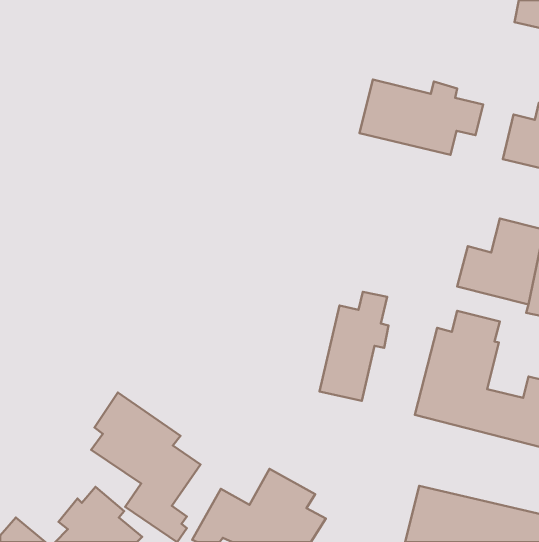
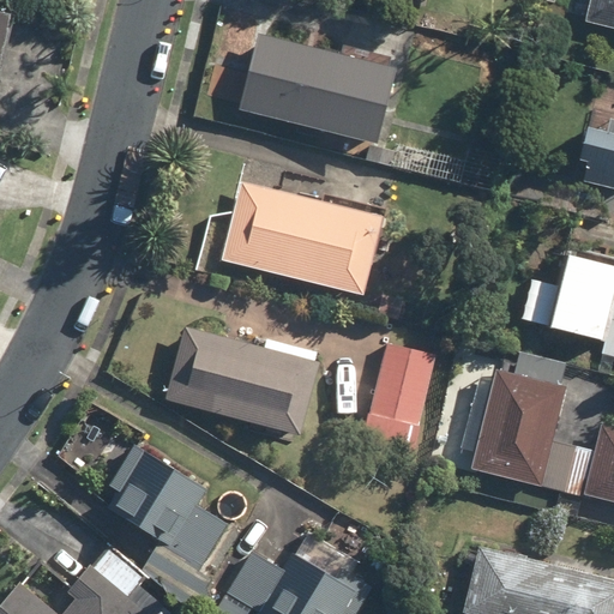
building: none -> [239,34,395,145]
building: [360,80,483,155] -> none
building: none -> [223,181,381,297]
building: none -> [165,326,319,435]

